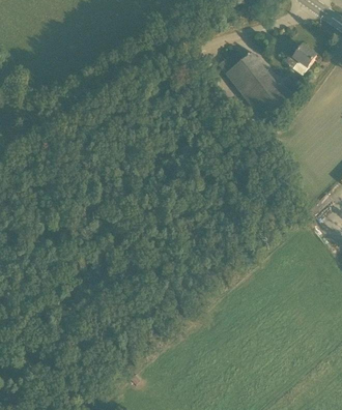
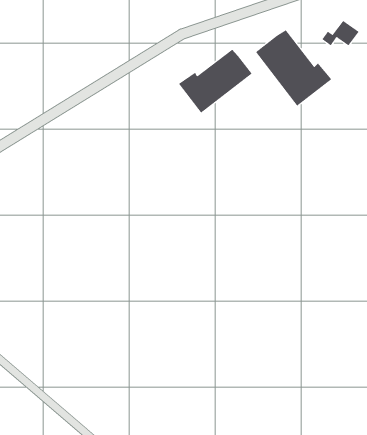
building: none -> [178,49,252,113]

